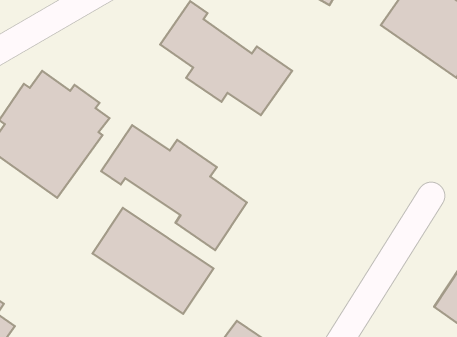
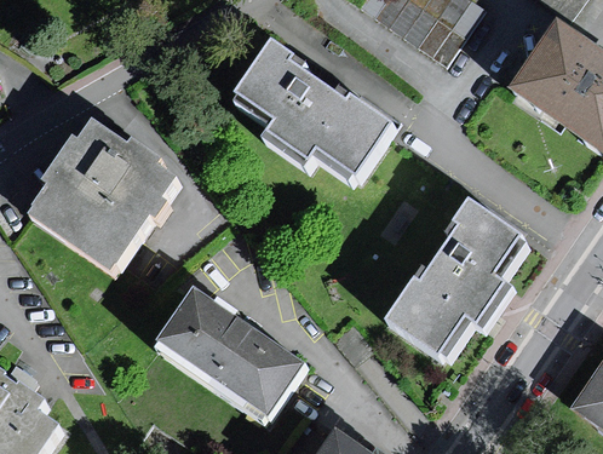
building: [101,125,247,250] -> none
building: none -> [386,201,523,358]

